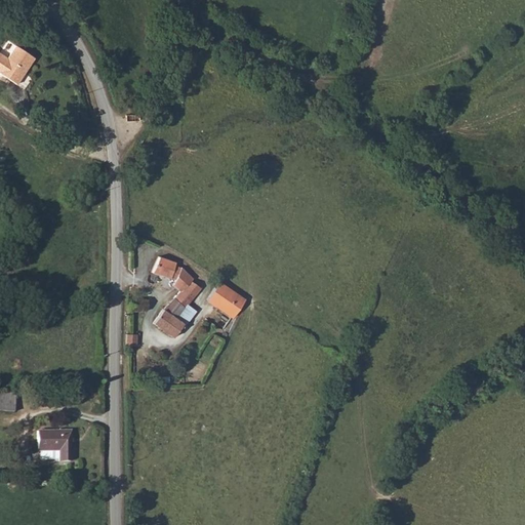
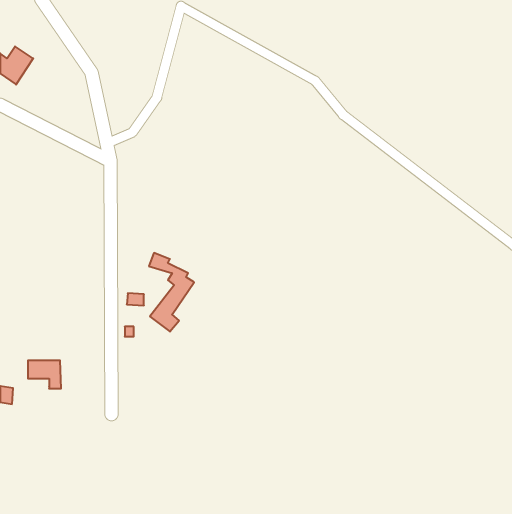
building: [204,281,245,317] -> none
building: [39,431,73,459] -> [28,360,61,389]

